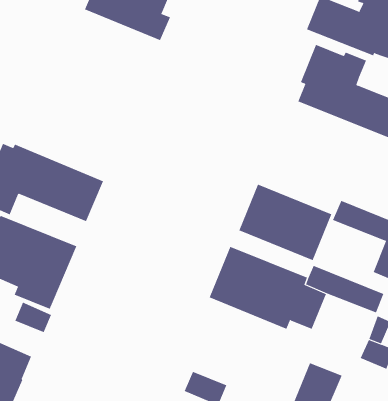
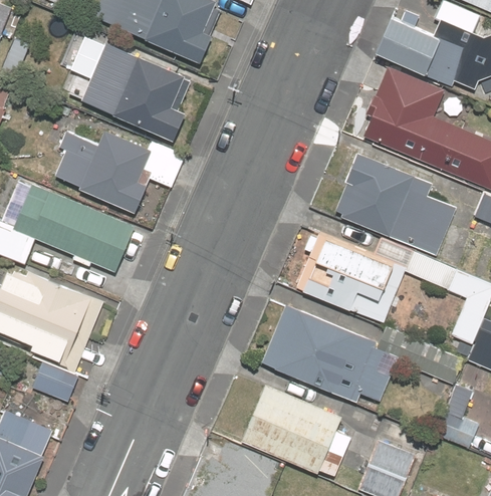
building: none -> [82,46,192,143]
building: none -> [58,133,156,216]
building: none -> [333,151,457,255]
building: none -> [238,383,349,475]

